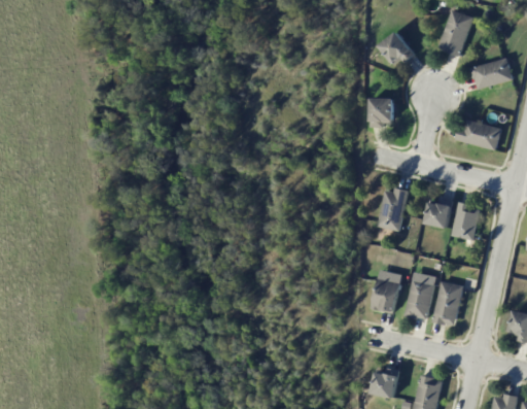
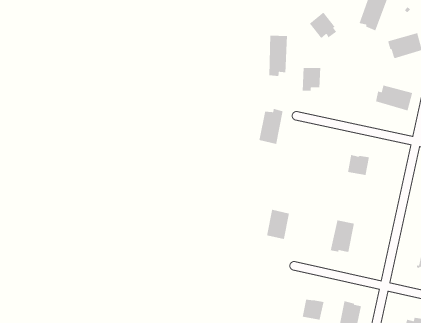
building: none -> [269,35,288,77]
building: [378,186,408,230] -> [258,108,284,145]
building: [452,201,480,240] -> none
building: [372,276,399,313] -> [266,209,290,240]
building: [432,281,463,325] -> none

